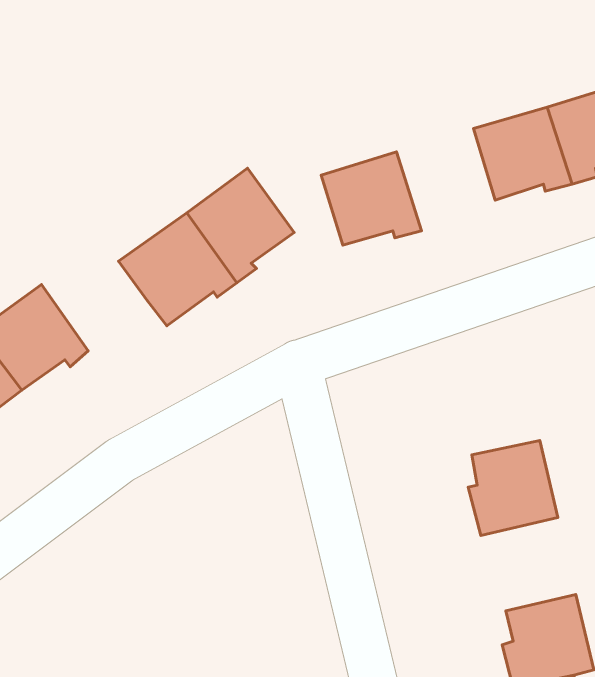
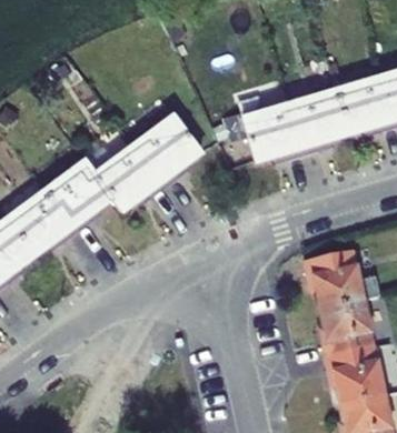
building: none -> [272,91,334,154]
building: none -> [52,160,118,229]
building: none -> [302,235,379,293]
building: none -> [325,332,384,390]

